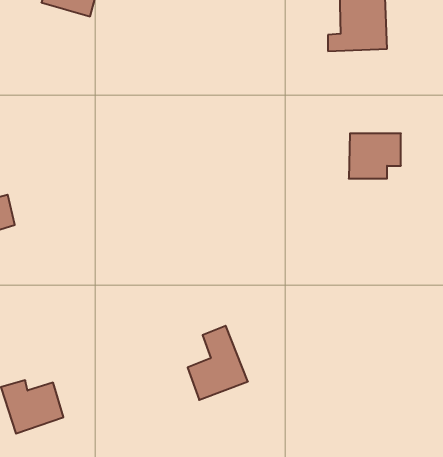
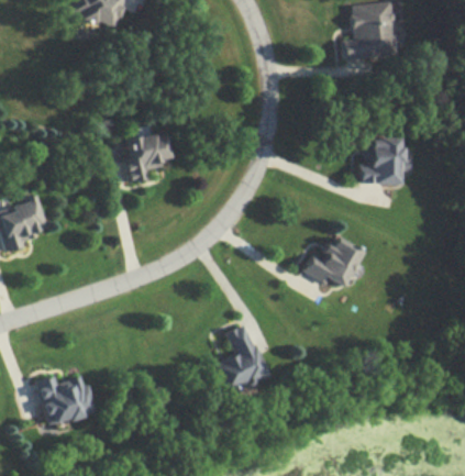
building: none -> [128,133,166,179]
building: none -> [306,240,357,286]

